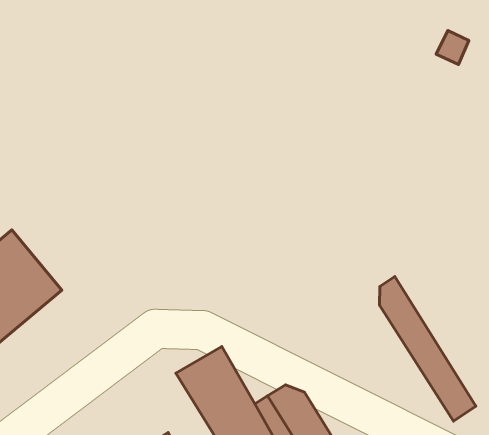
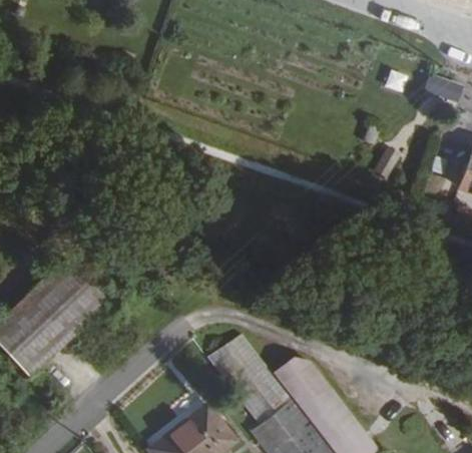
building: [380,277,476,421] -> none

